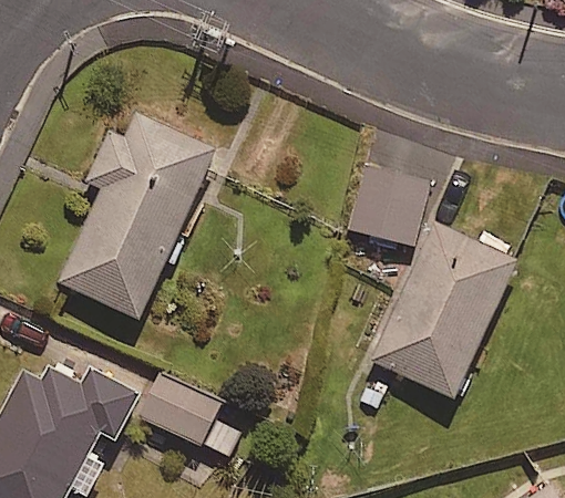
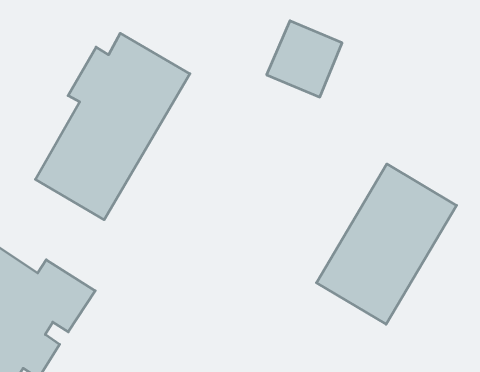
building: [351,167,429,246] -> [267,21,342,97]
building: [140,374,238,457] -> none

